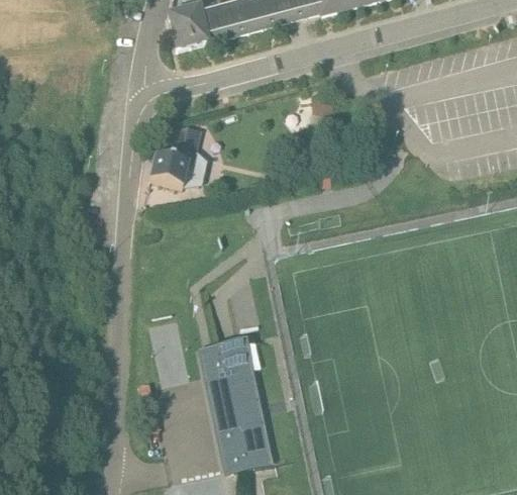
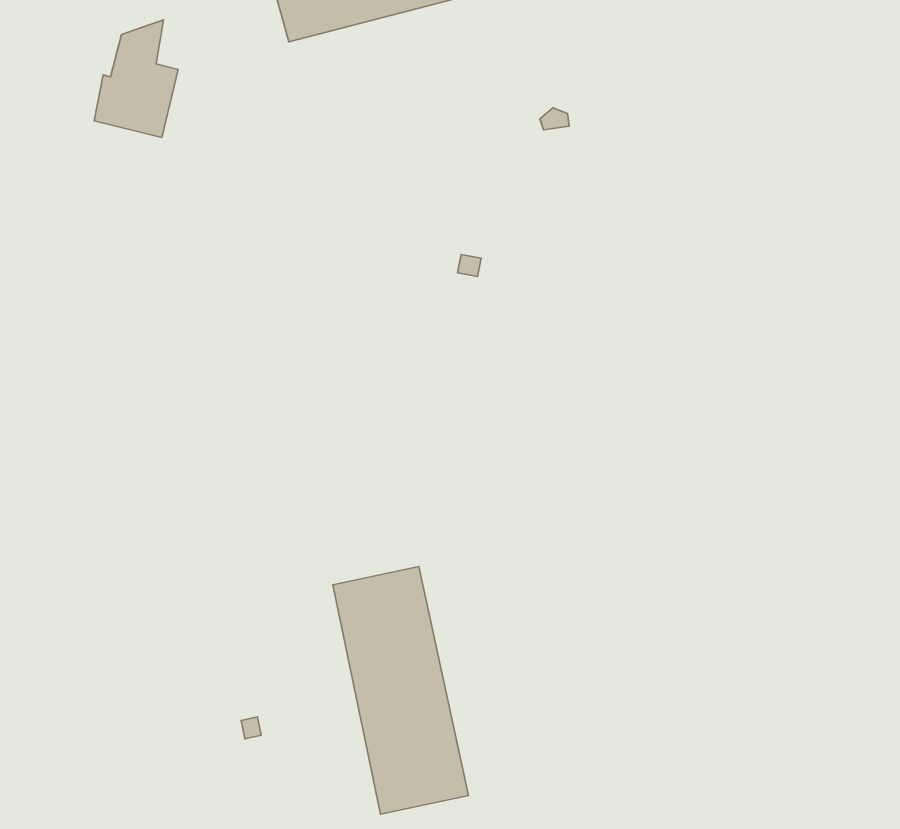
building: [149,121,196,186] -> [94,20,178,137]

